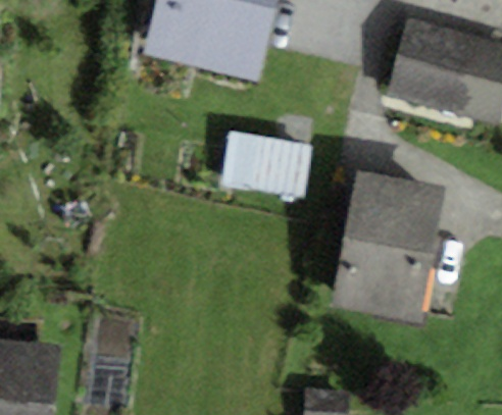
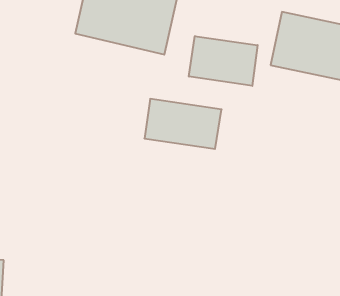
building: none -> [189,36,258,86]
building: [334,180,445,321] -> none

